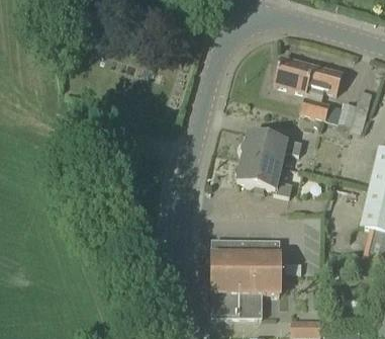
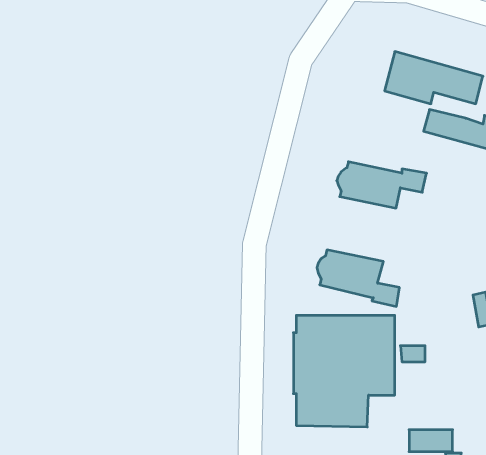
building: [235,157,293,196] -> [317,250,399,306]

